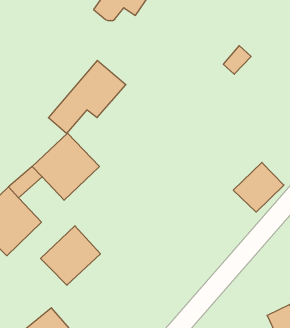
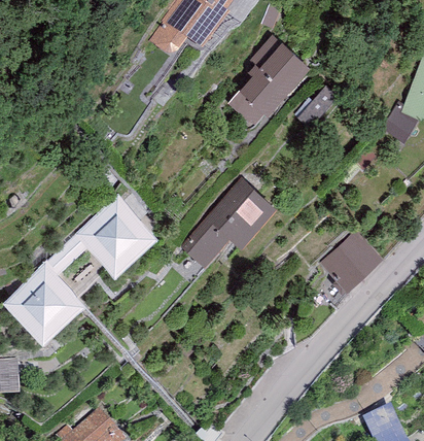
building: none -> [226,36,309,126]
building: [48,60,126,134] -> [181,178,276,268]
building: [41,226,100,285] -> none

